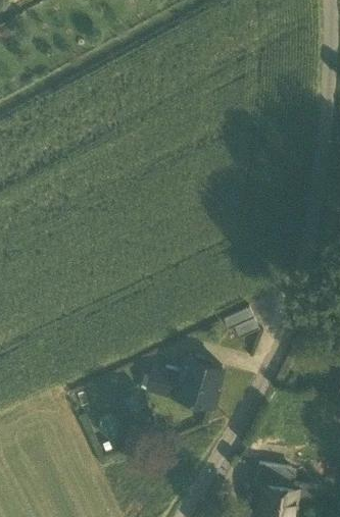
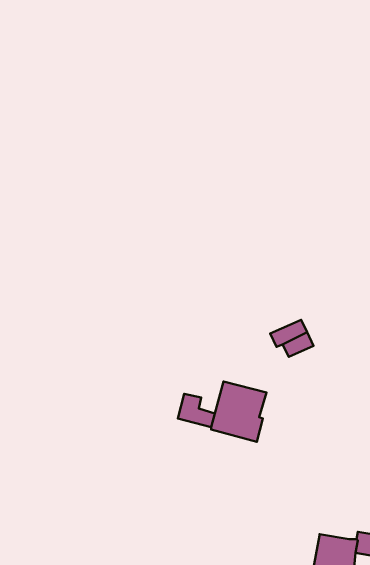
building: [258,463,294,488] -> none

